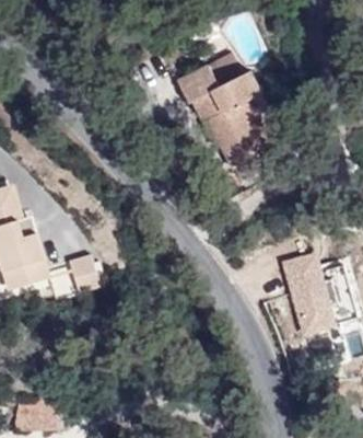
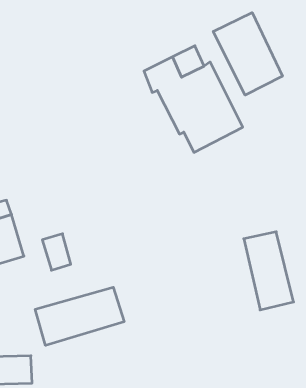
building: none -> [213,13,282,95]
building: none -> [35,287,124,345]

